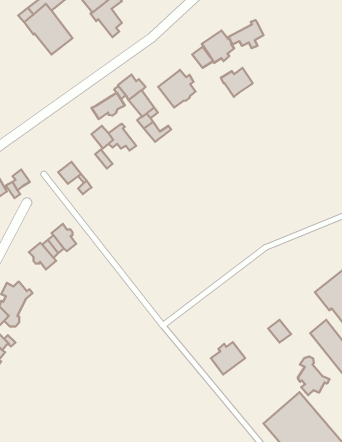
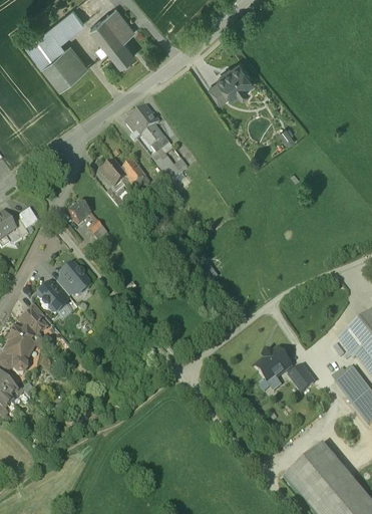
building: [228,20,264,48] -> none
building: [221,68,253,97] -> none
building: [158,70,195,108] -> none
building: [91,93,125,119] -> none
building: none -> [21,303,46,335]
building: [211,342,245,374] -> [256,347,292,381]
building: [298,356,329,395] -> none

